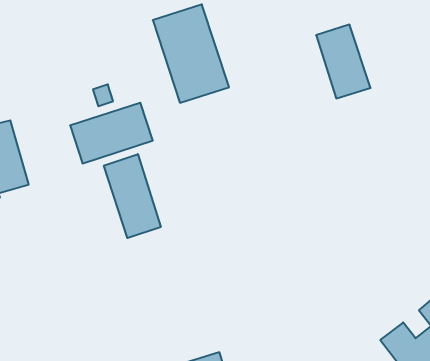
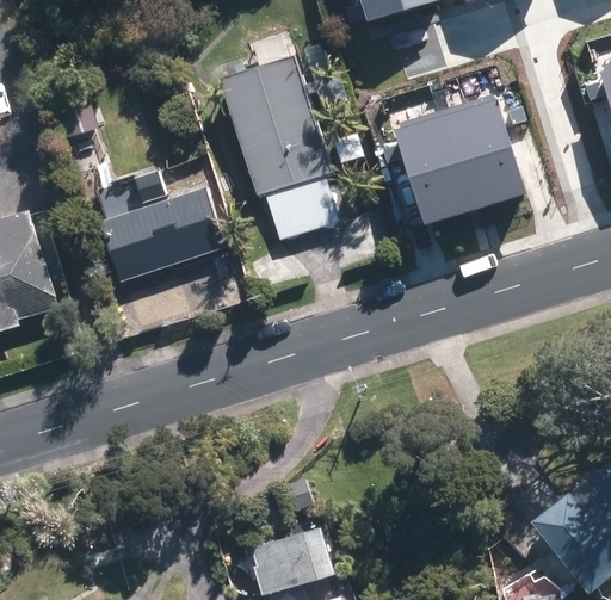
building: none -> [397,105,471,206]
building: none -> [266,181,335,243]
building: [104,154,161,238] -> none

